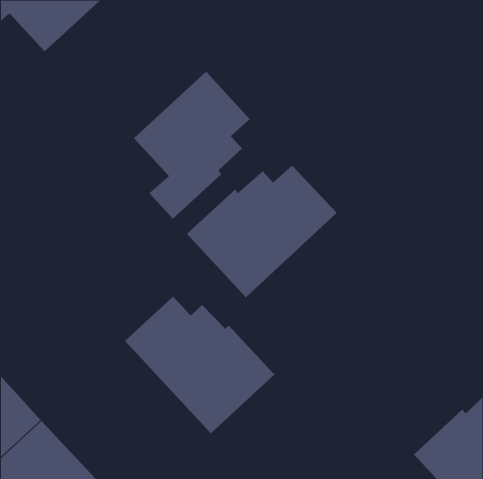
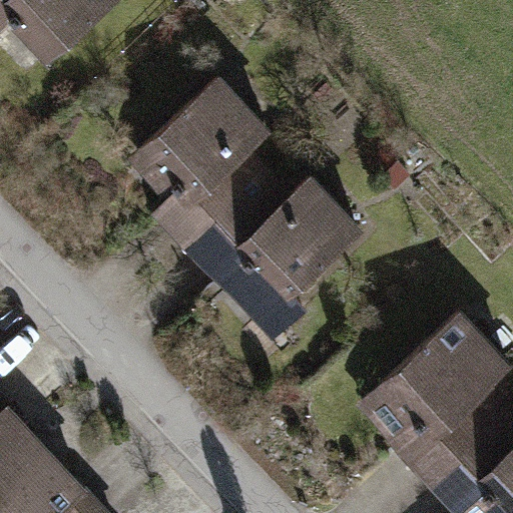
building: none -> [365,314,507,472]
building: [124,296,275,434] -> none

